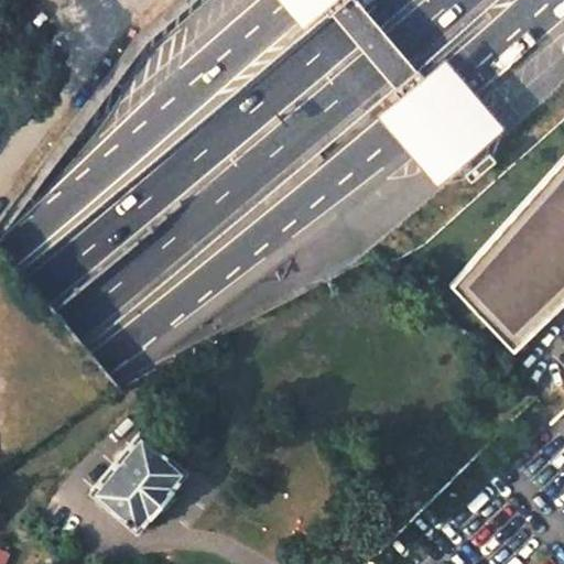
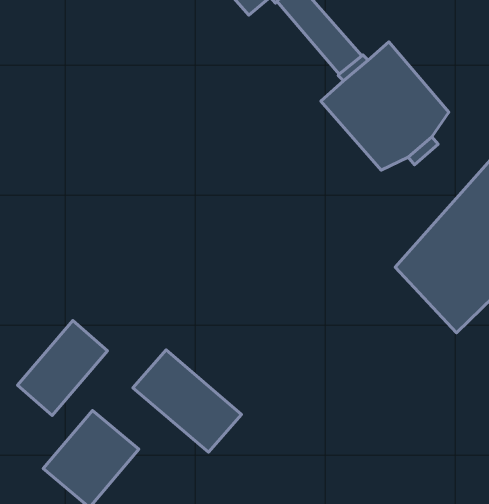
building: none -> [18,320,108,416]
building: none -> [133,350,242,452]

